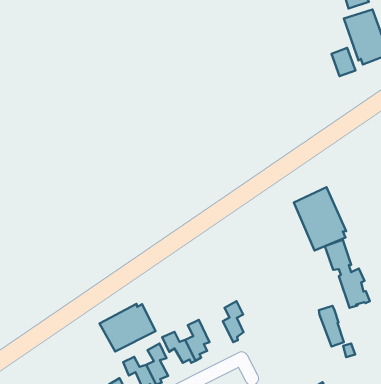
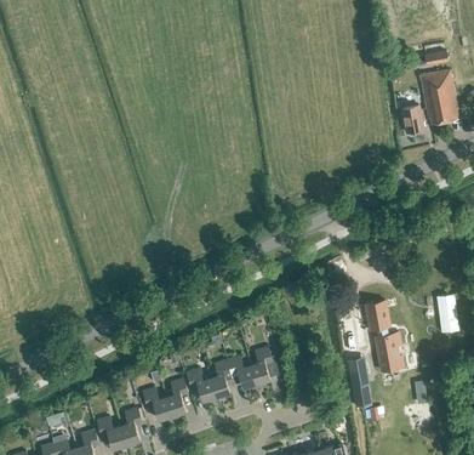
building: [294,187,346,251] -> none
building: [100,304,156,352] -> none
building: none -> [225,356,257,388]

